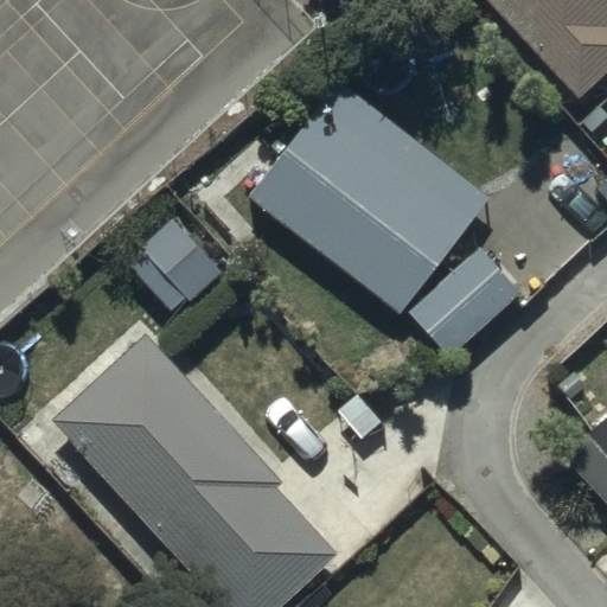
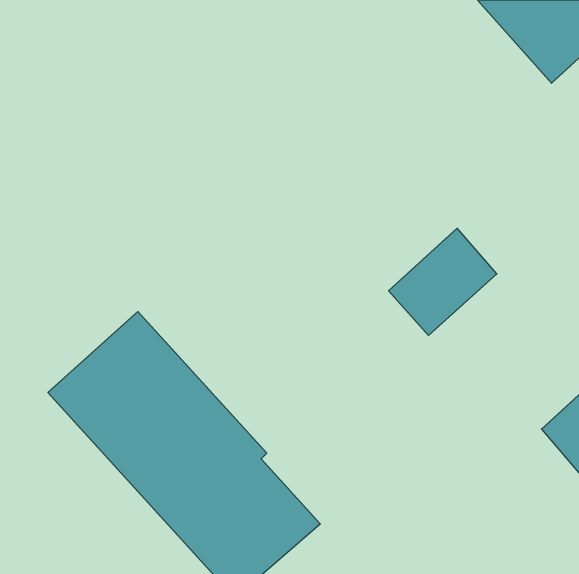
building: [254,84,486,311] -> none

